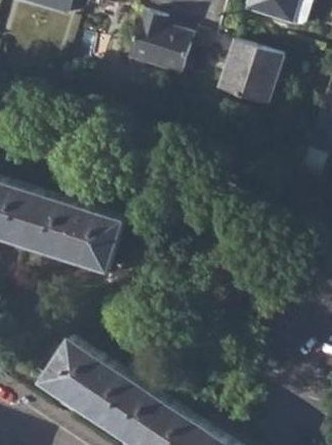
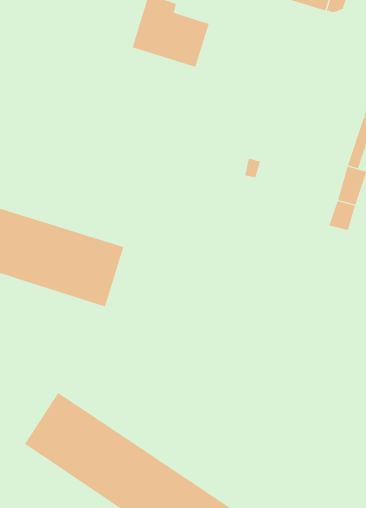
building: [216,42,282,106] -> none

